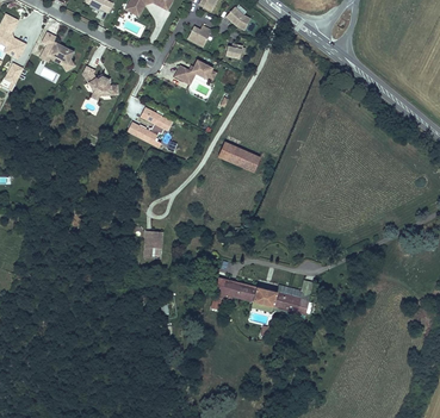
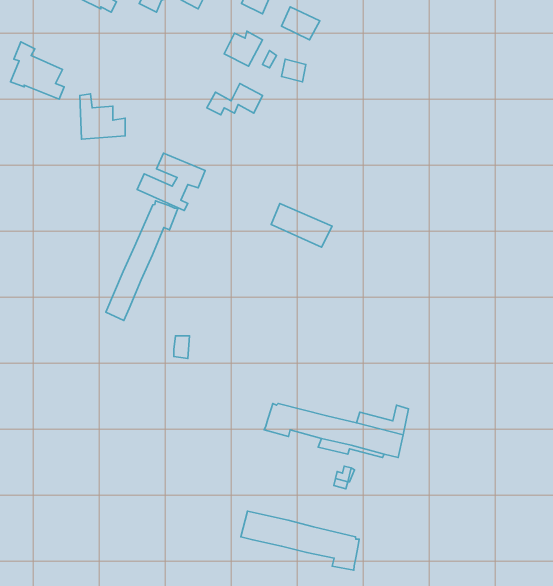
building: none -> [106,201,178,320]
building: none -> [241,511,359,570]

